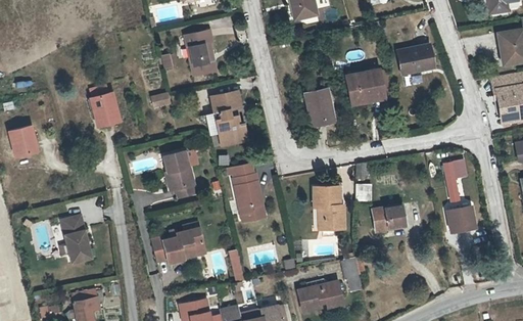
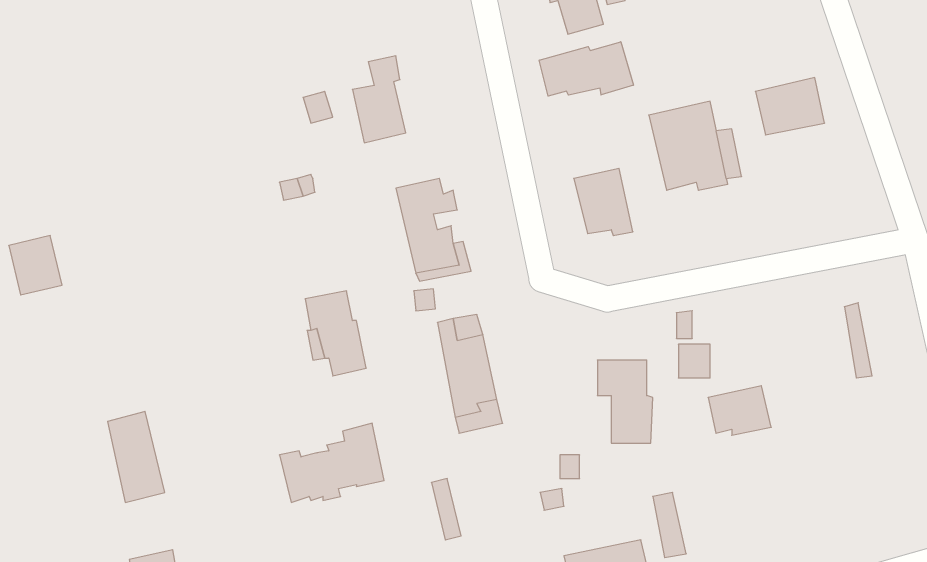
building: none -> [539,42,633,96]
building: [90,87,120,128] -> none
building: [445,212,473,234] -> none

